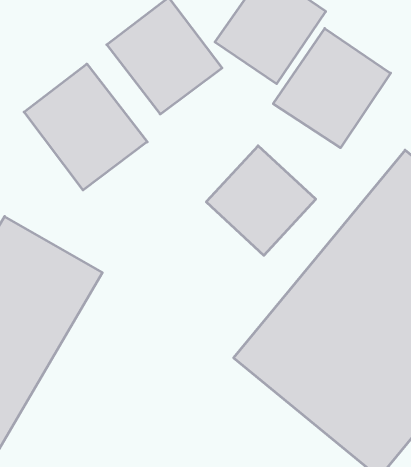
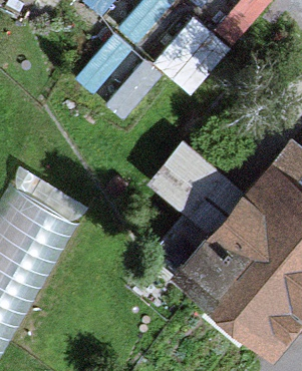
building: [273,28,391,148] -> none
building: [24,64,147,190] -> none

